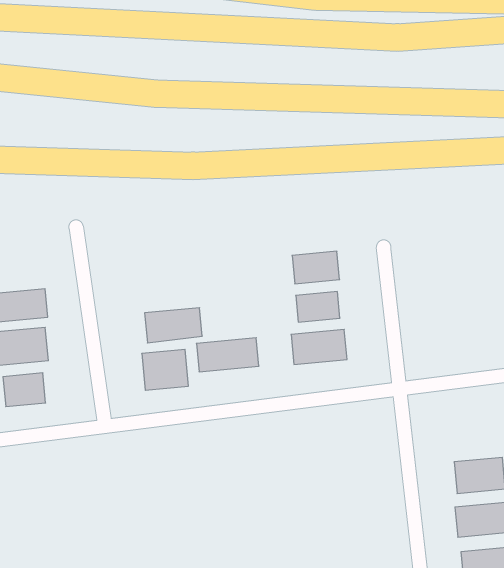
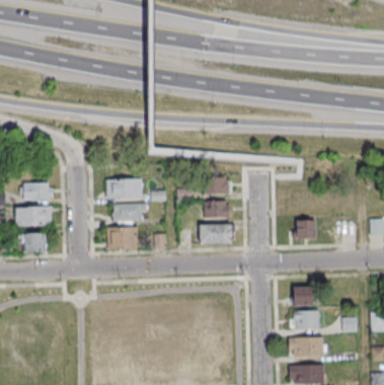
building: none -> [294,220,316,238]
building: [196,338,259,372] -> [106,180,143,198]
building: none -> [292,288,313,306]

